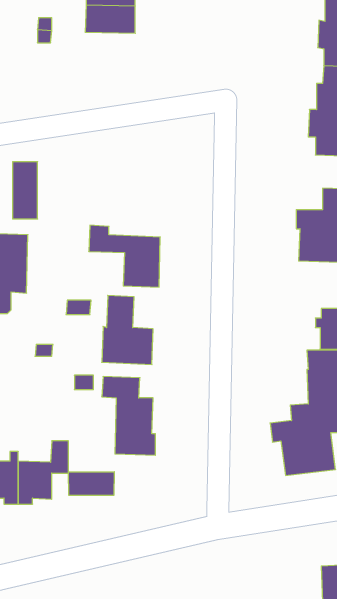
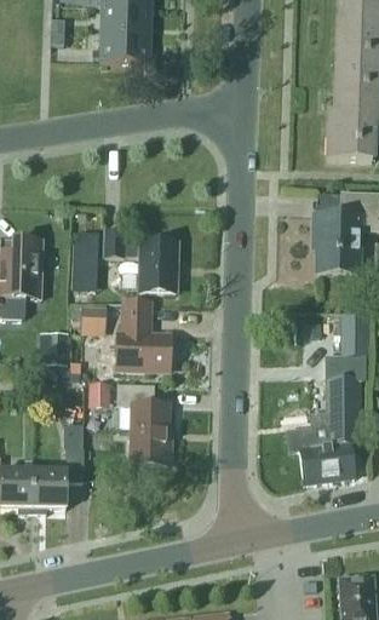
building: none -> [99,33,151,63]
building: [13,162,38,219] -> [76,229,102,287]
building: [68,472,114,495] -> none

